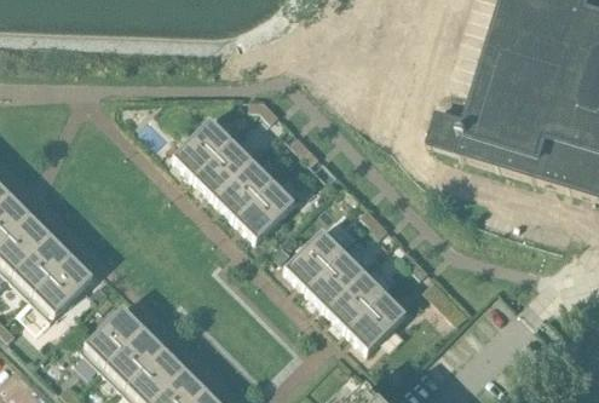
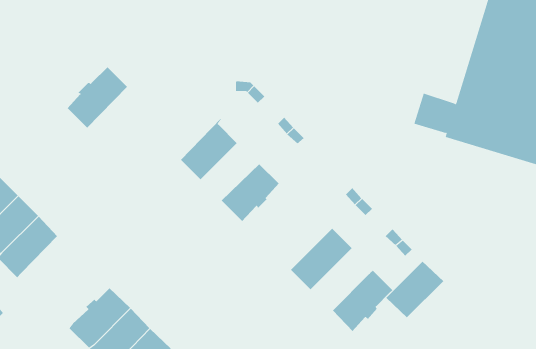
building: [174,115,236,178] -> [67,66,128,129]
building: [215,161,275,219] -> none
building: [286,226,349,289] -> none
building: [30,255,94,318] -> none
building: [327,272,386,330] -> [385,261,444,318]

